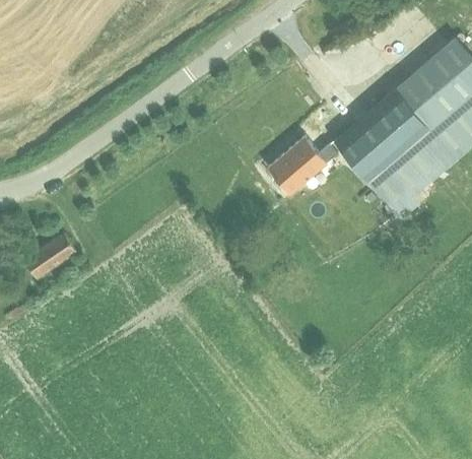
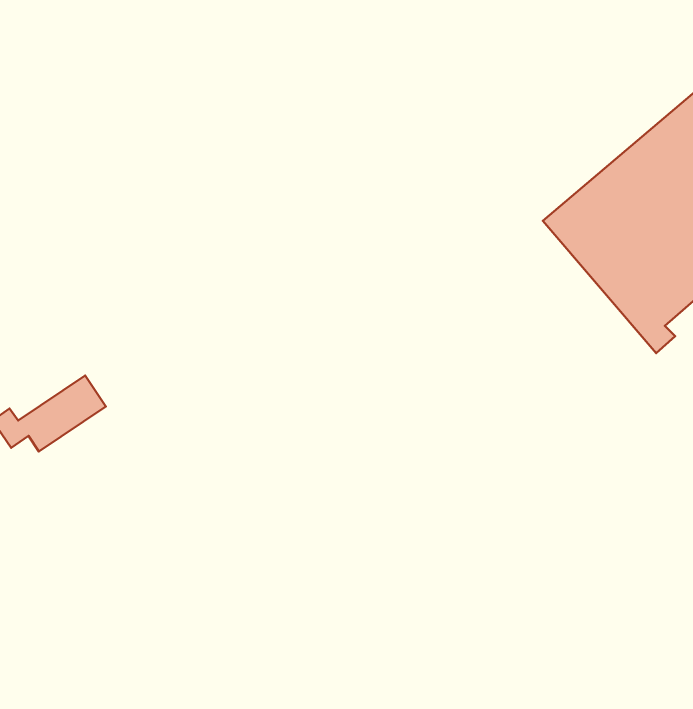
building: [267,136,337,195] -> none

